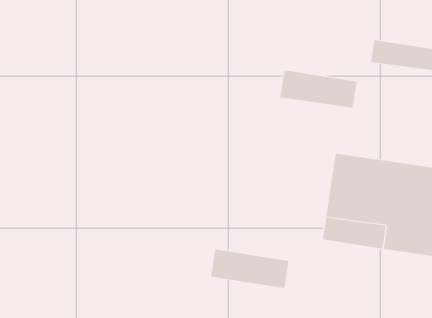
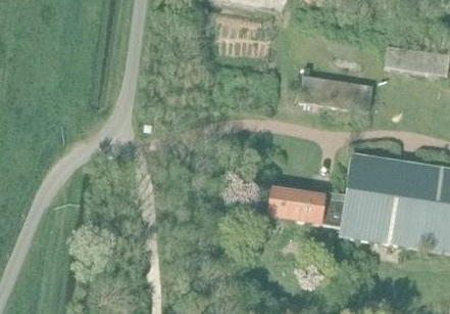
building: [210,249,289,288] -> [269,190,345,228]

